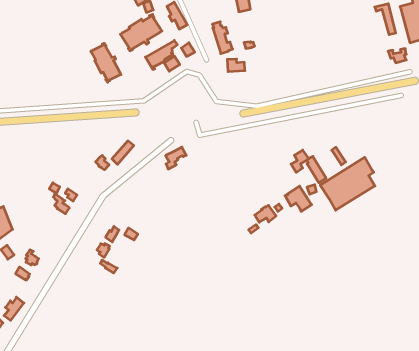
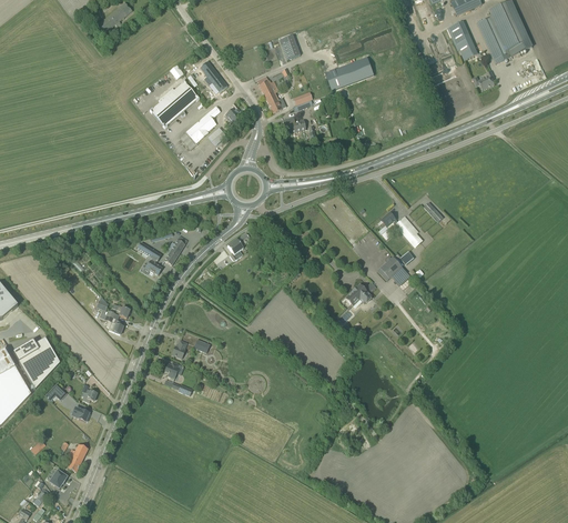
building: none -> [325,56,374,90]
building: [91,43,121,82] -> none
building: [320,157,375,210] -> none

